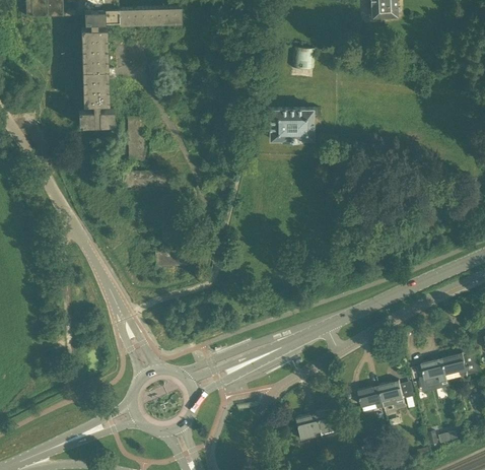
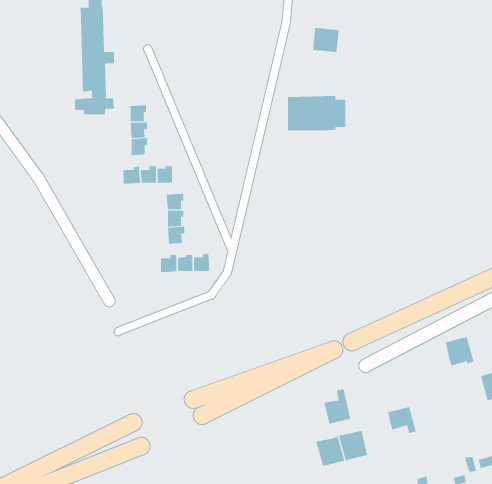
building: [420,360,446,387] -> [445,337,474,366]
building: none -> [324,388,351,424]
building: [377,382,405,411] -> none

